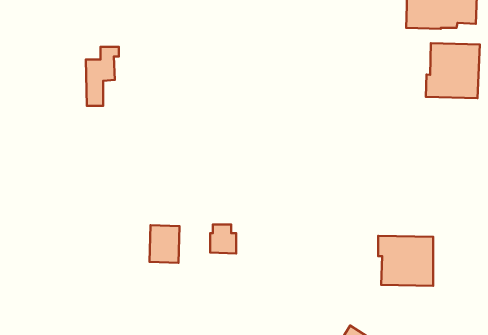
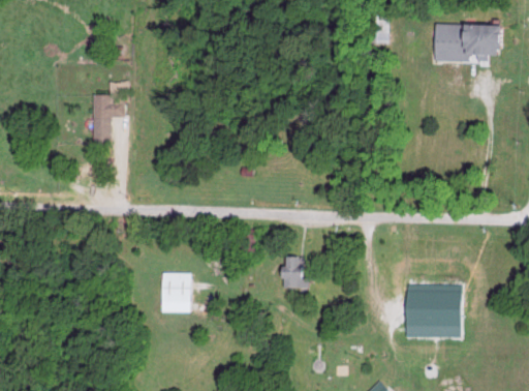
building: [426,43,480,98] -> none
building: [210,225,236,254] -> [279,257,307,288]

